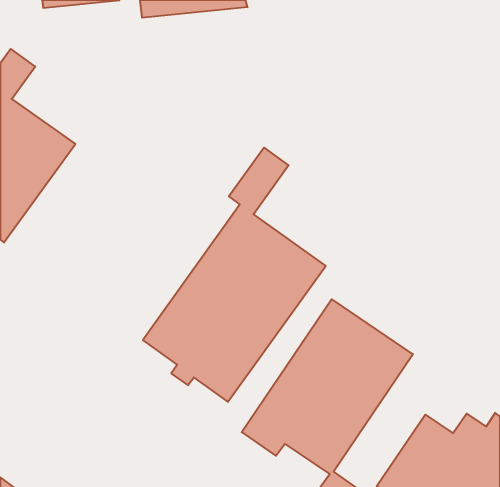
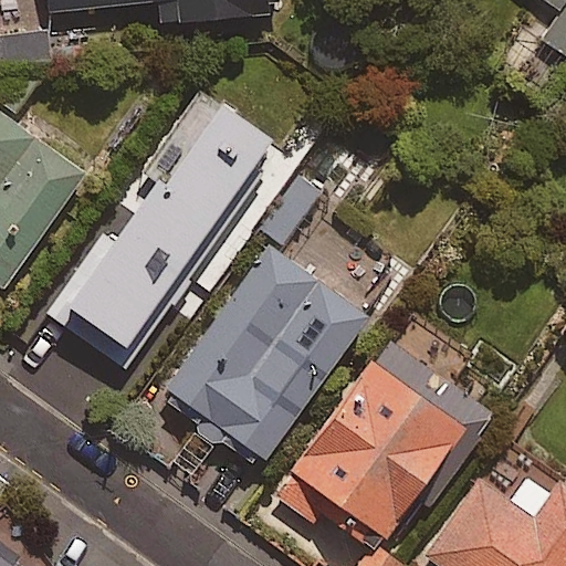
building: none -> [53,93,273,366]

